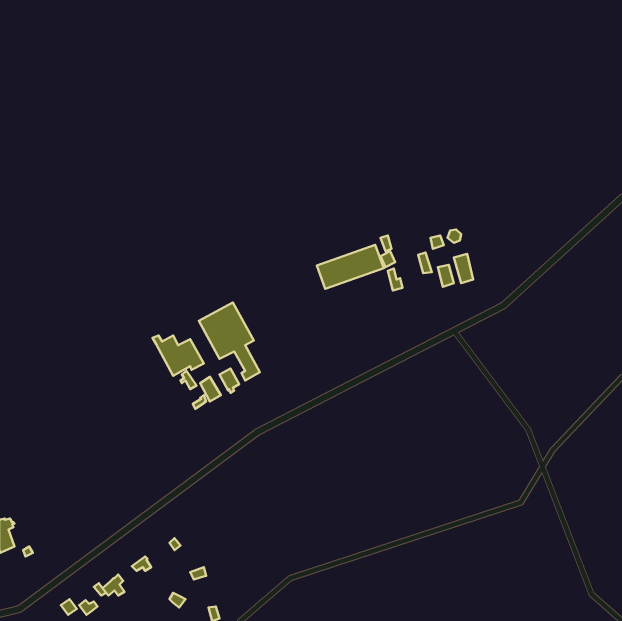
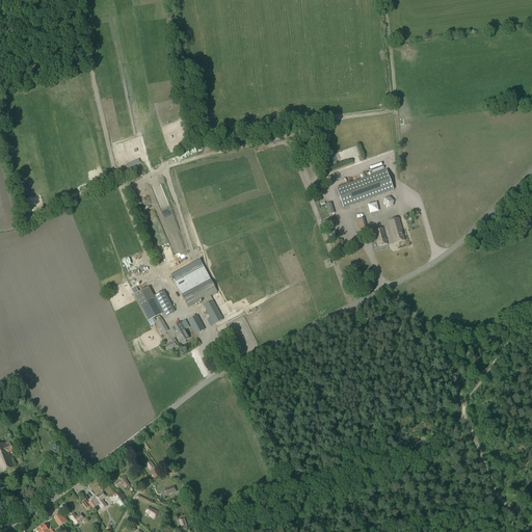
building: [317,245,384,289] -> [336,168,393,206]

